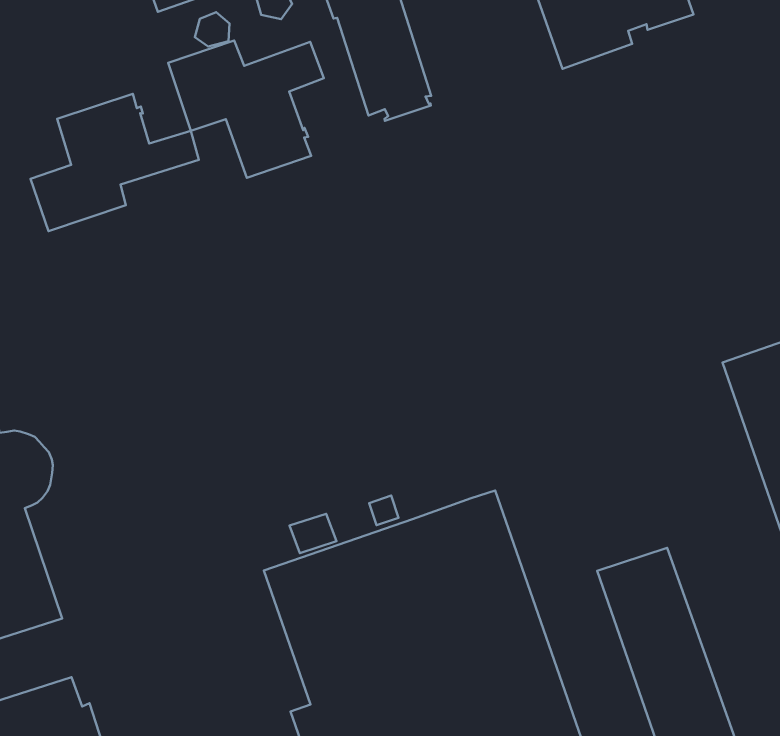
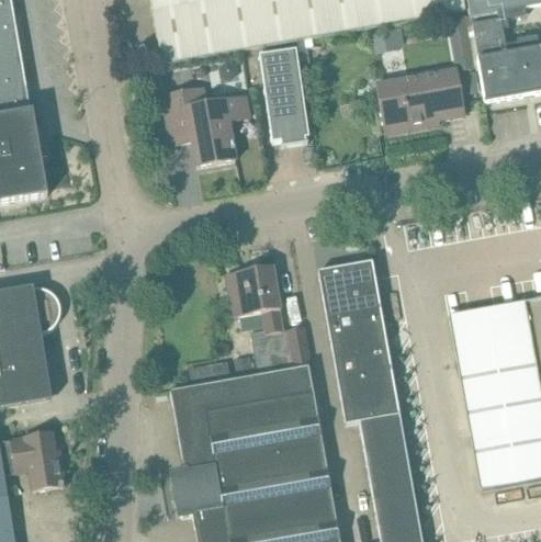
building: [30,94,199,231] -> none
building: none -> [318,259,401,421]
building: none -> [225,263,311,373]

